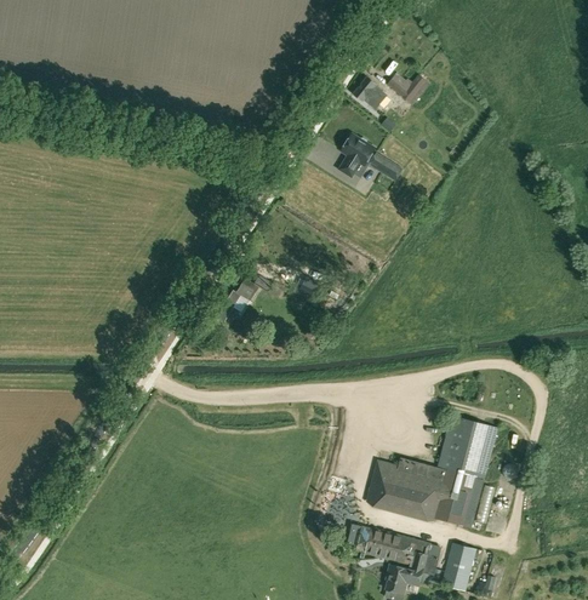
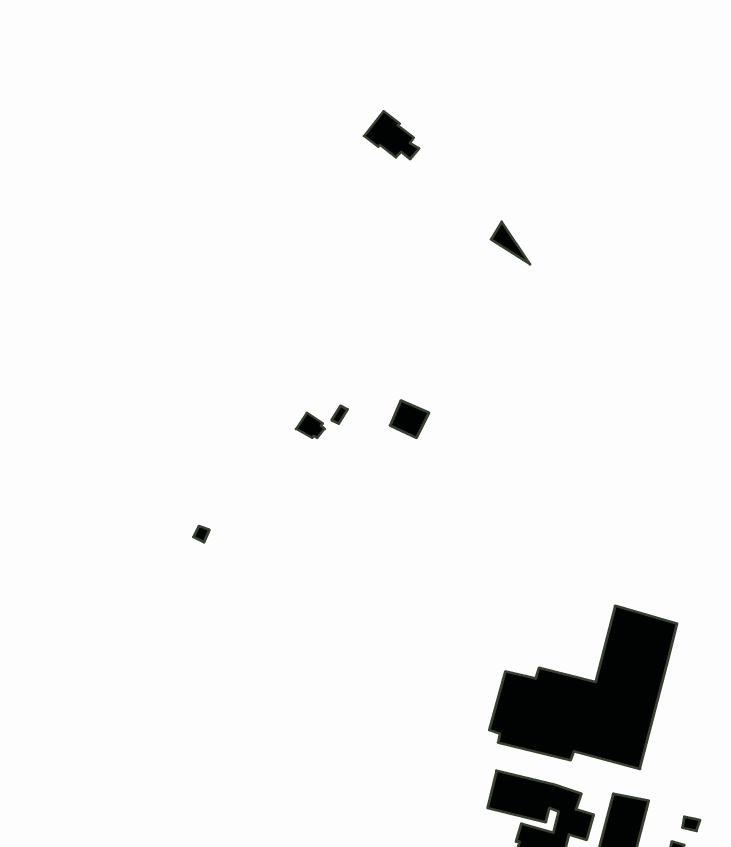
building: [386,73,427,103] -> none
building: [353,78,390,110] -> [364,111,419,159]
building: [339,133,376,177] -> none

